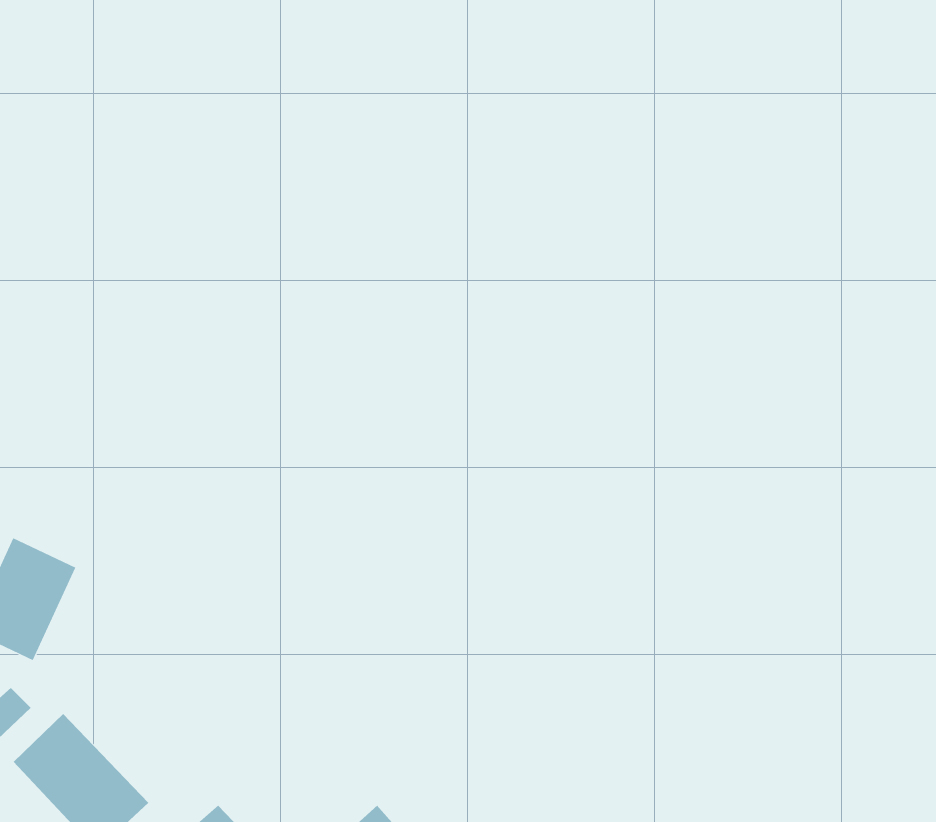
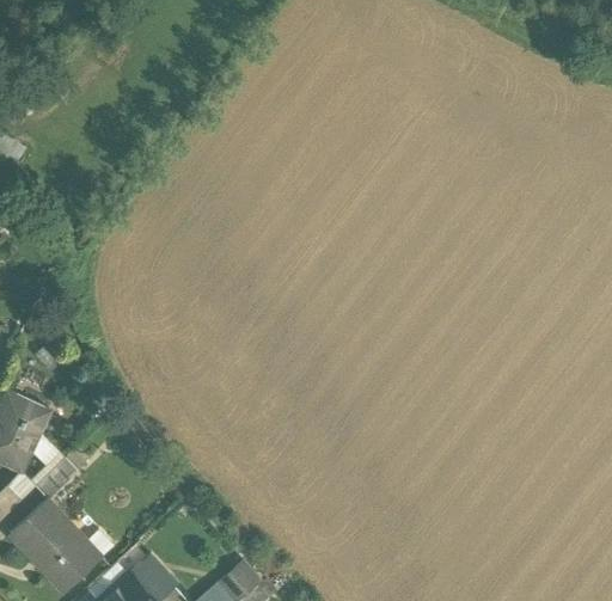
building: none -> [36,454,81,498]

